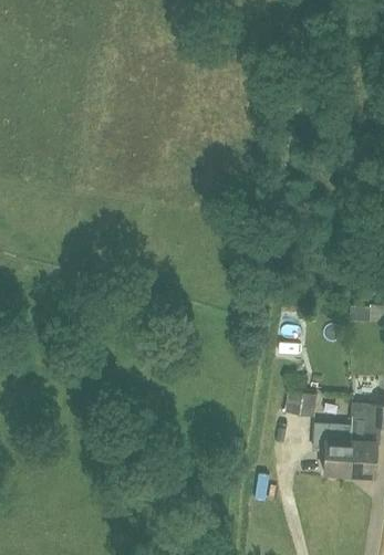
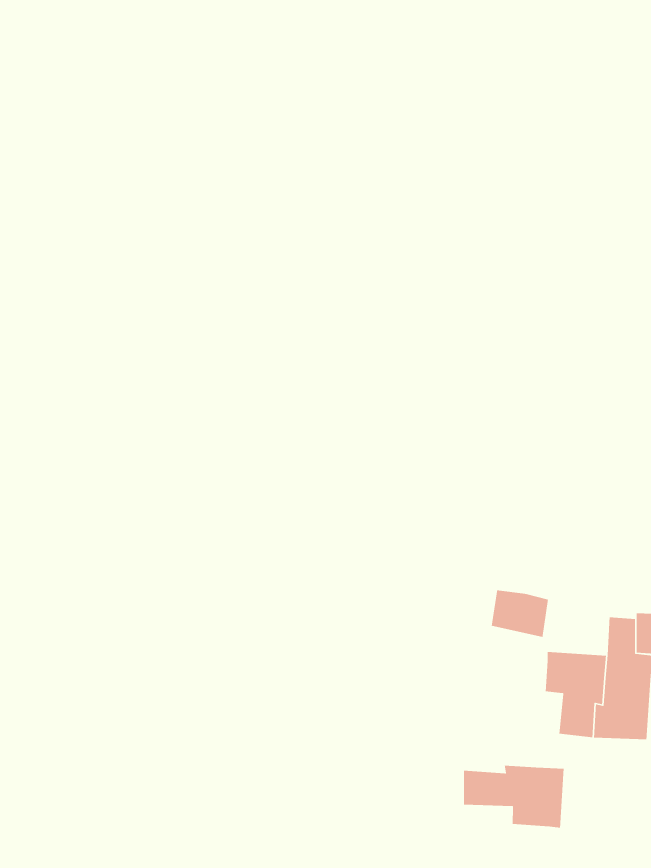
building: none -> [463,765,565,828]

